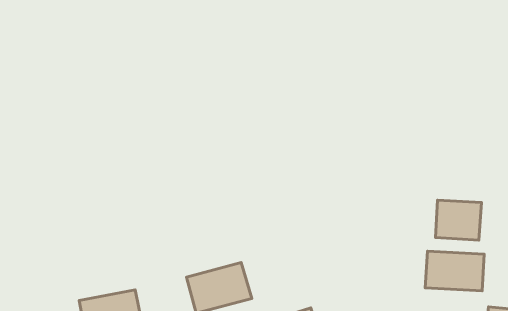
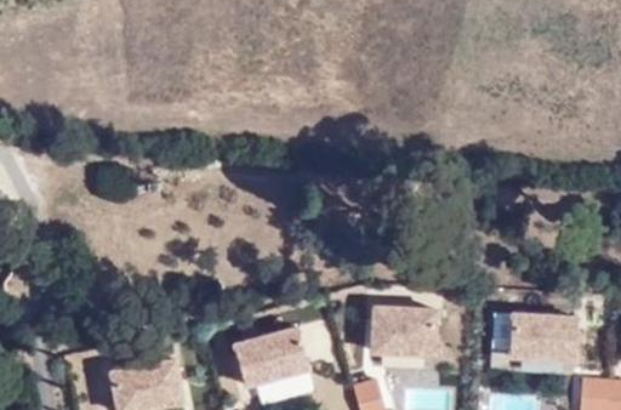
building: [435,200,482,240] -> none
building: none -> [371,304,435,353]

